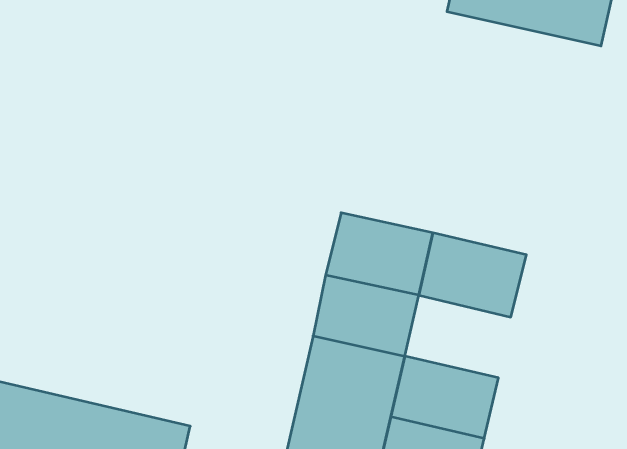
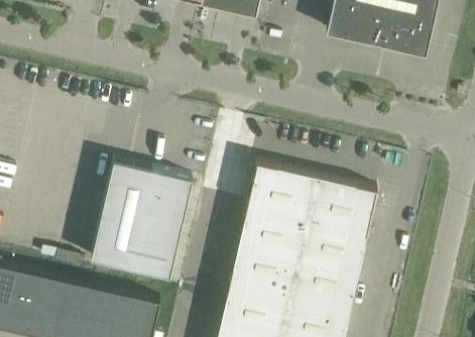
building: none -> [91,163,192,279]
building: none -> [299,218,367,271]

